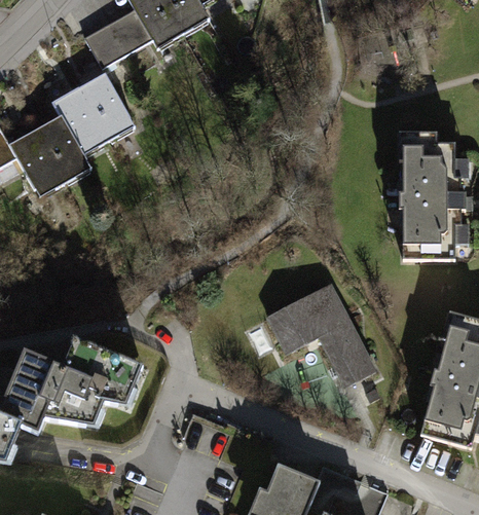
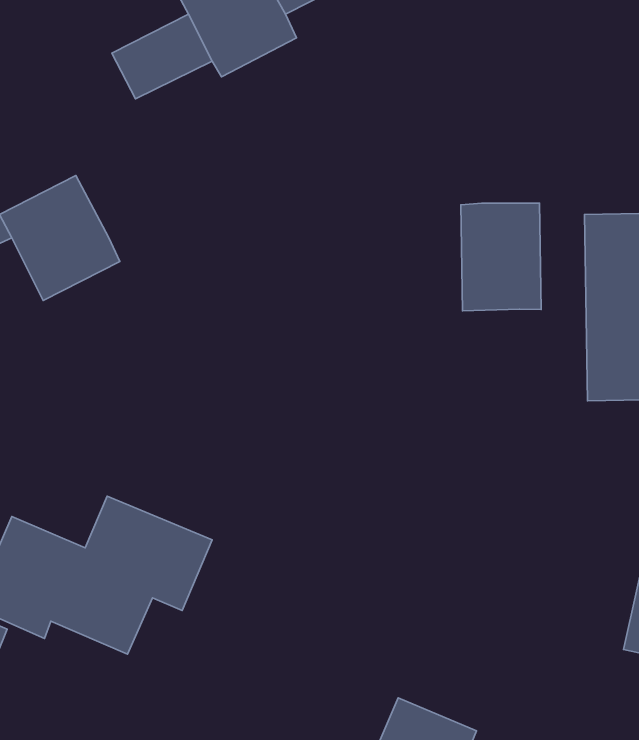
building: [53,75,133,157] -> none
building: none -> [461,203,541,311]
building: [266,283,376,385] -> none

